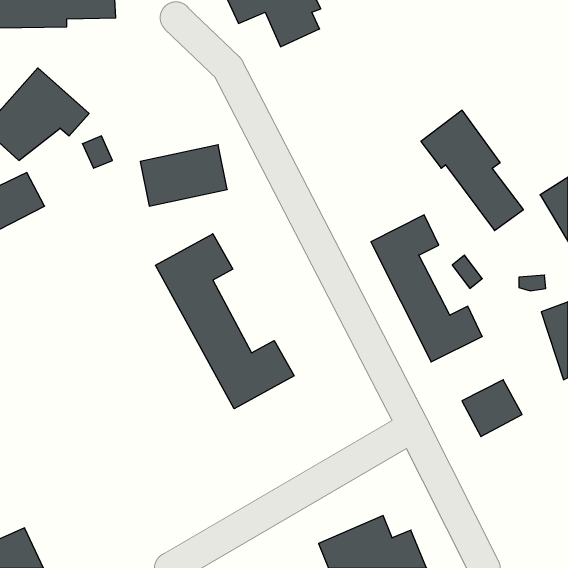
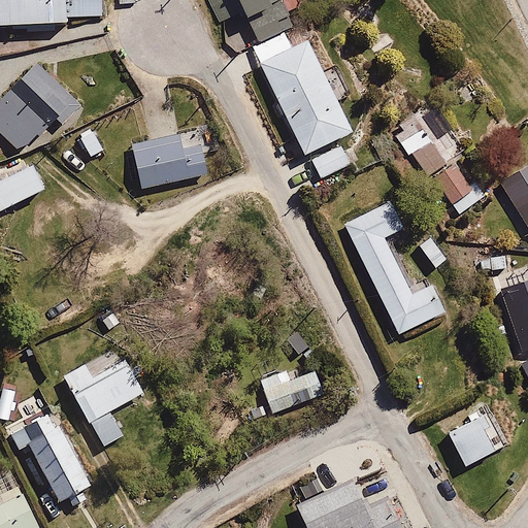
building: none -> [253,35,354,177]
building: [155,234,294,409] -> none
building: [462,380,522,437] -> [448,412,503,465]
building: none -> [64,356,147,448]
building: none -> [257,363,311,411]
building: none -> [10,412,91,504]

